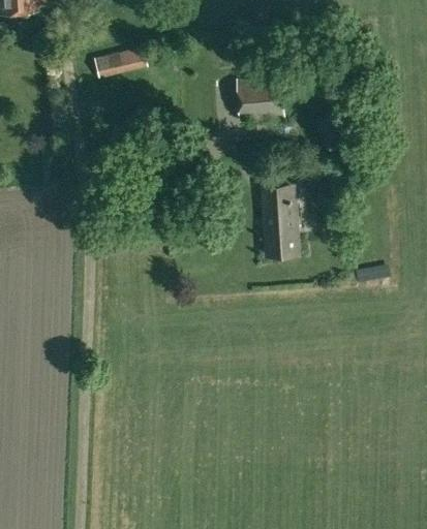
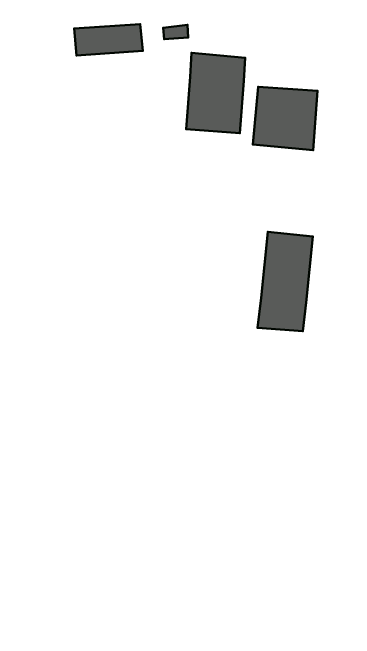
building: none -> [186,53,245,133]

